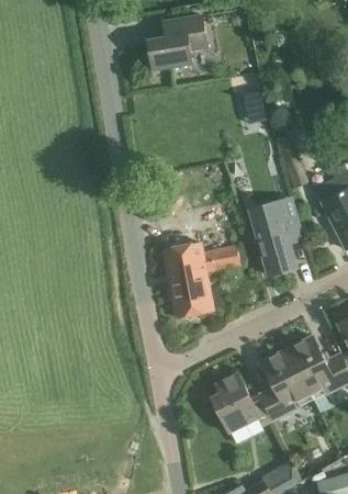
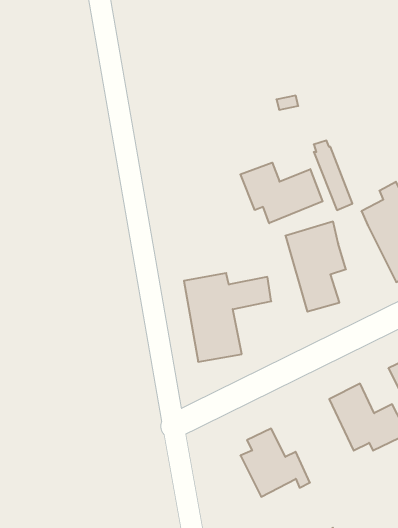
building: [142,13,207,70] -> none
building: none -> [240,163,323,223]
building: [259,349,308,420] -> none

